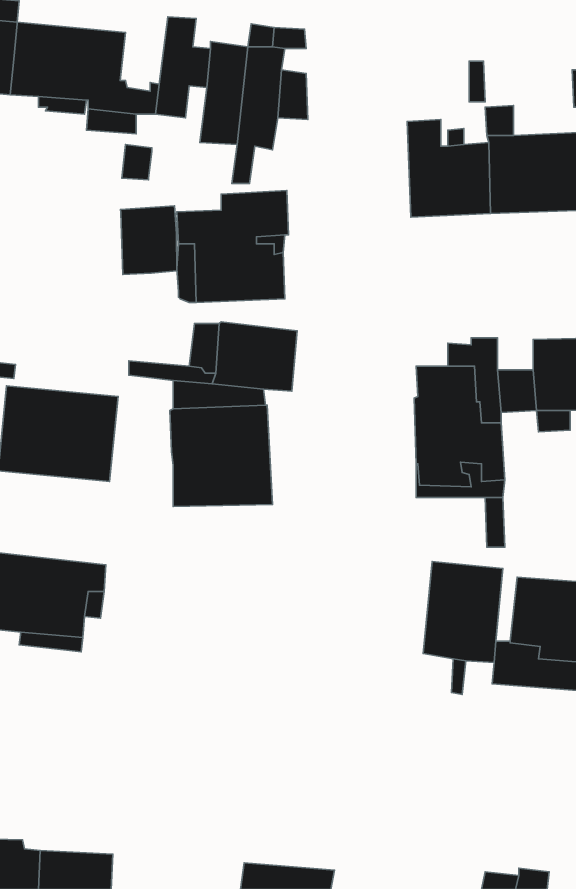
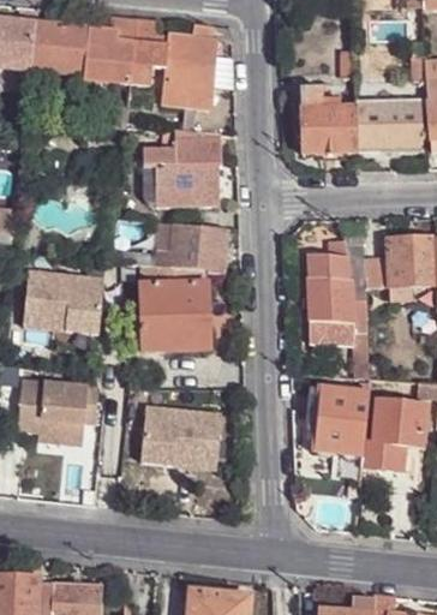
building: none -> [106,14,138,64]
building: [120,206,177,274] -> none
building: none -> [140,402,222,467]

